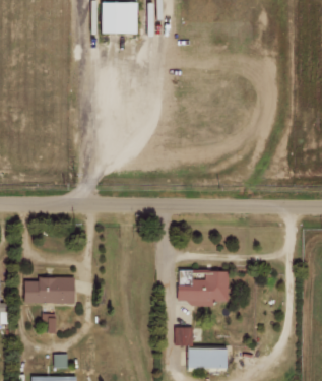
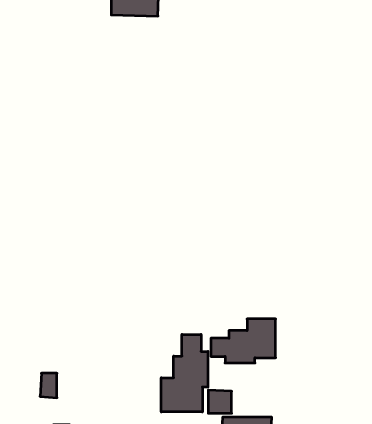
building: [23,278,75,304] -> none
building: none -> [161,334,208,412]

